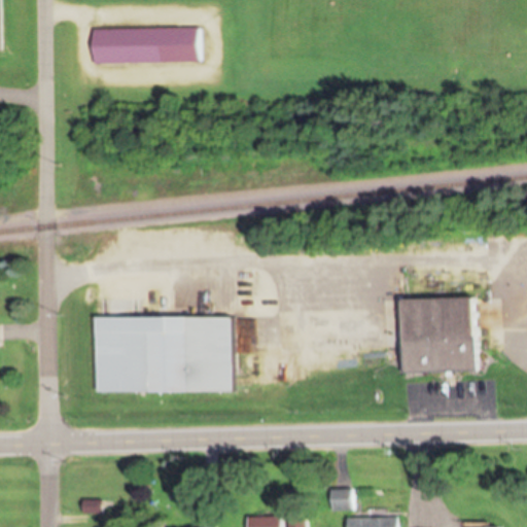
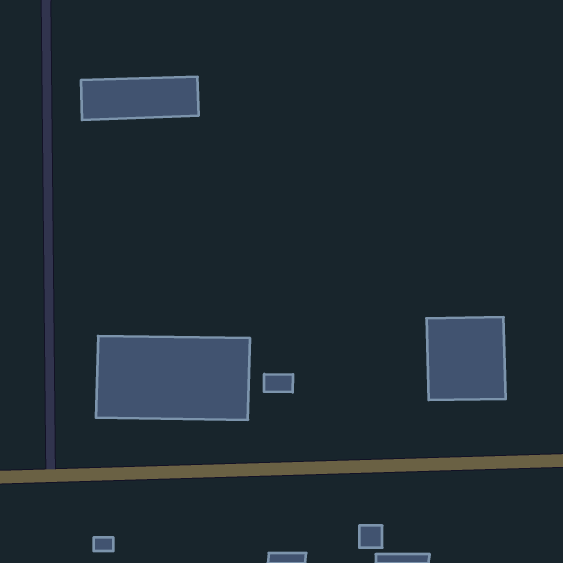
building: [93,26,203,66] -> [81,77,199,120]
building: none -> [264,374,293,392]

